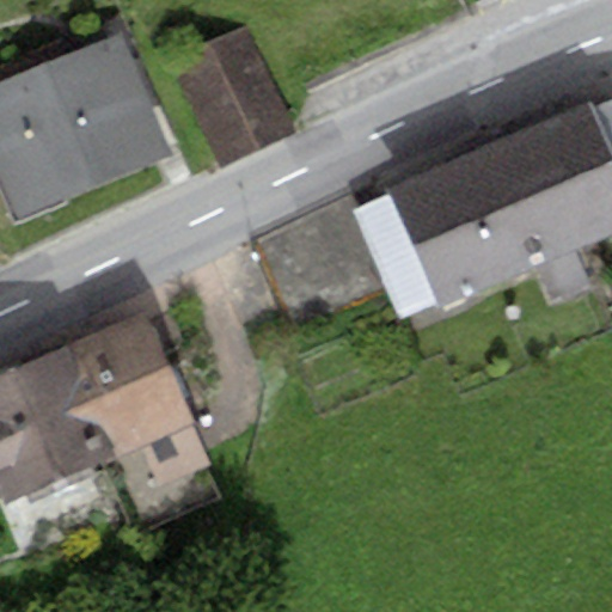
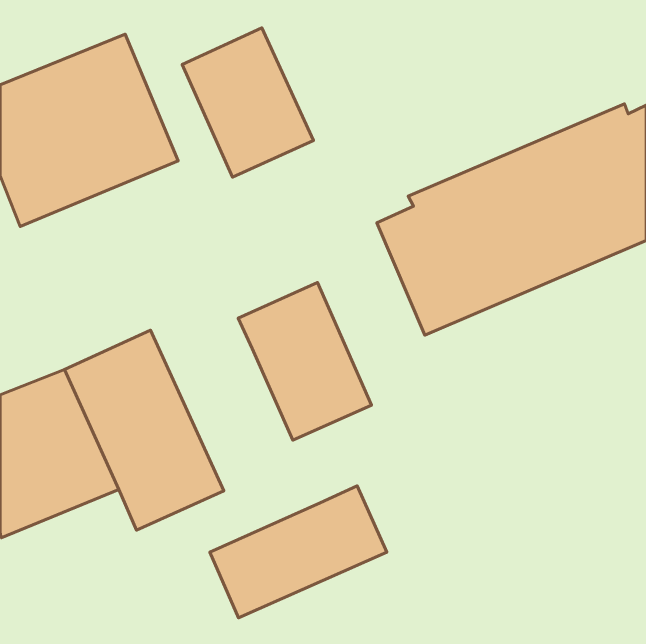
building: none -> [238,283,371,440]
building: none -> [210,486,387,618]

